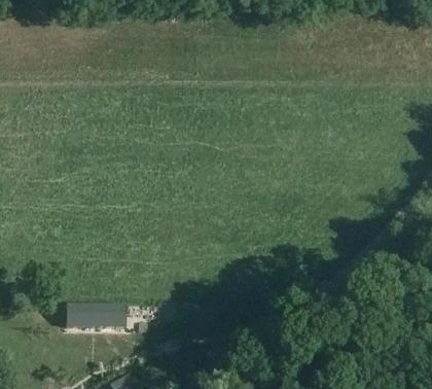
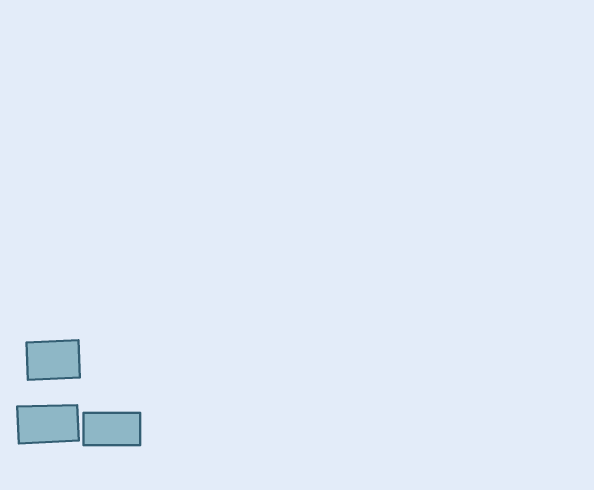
building: none -> [26,340,80,380]

